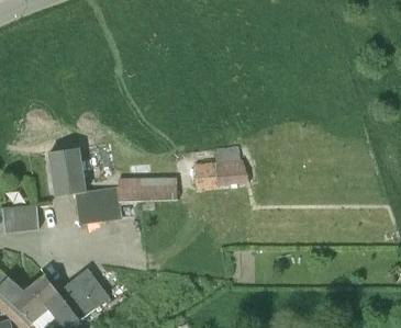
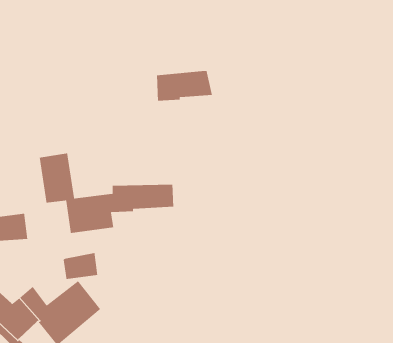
building: [194,158,248,188] -> [156,70,213,101]
building: none -> [63,252,98,280]

